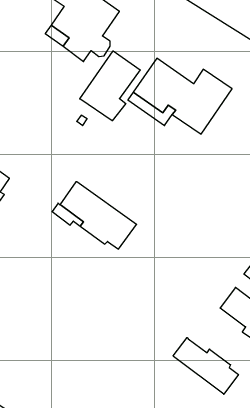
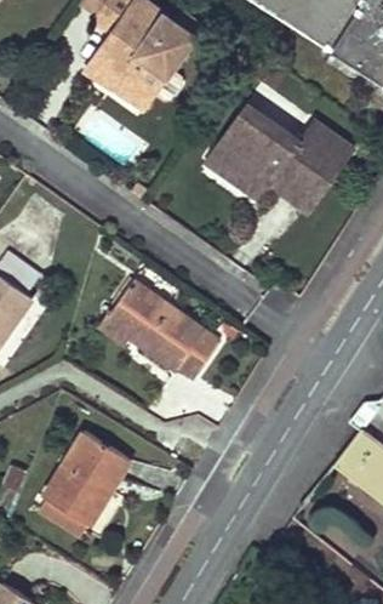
building: [80,51,140,121] -> none
building: none -> [39,432,127,528]
building: [173,338,238,394] -> none

